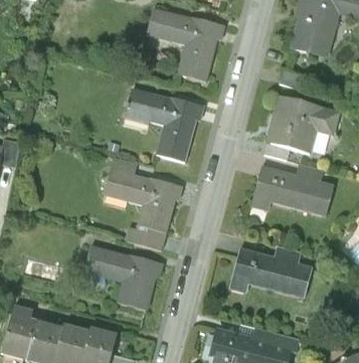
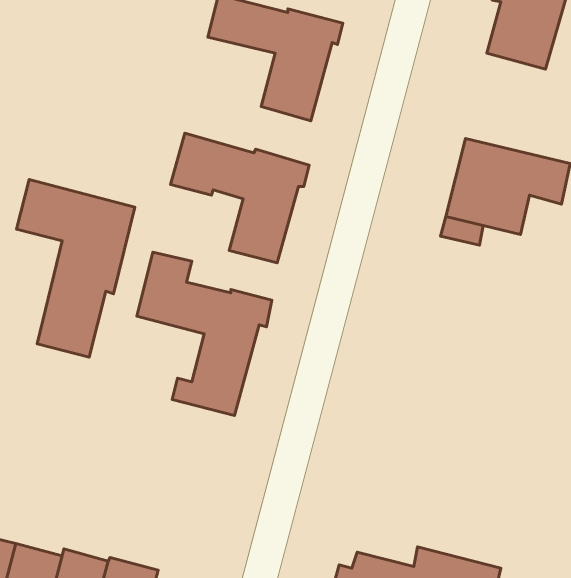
building: none -> [16,179,135,357]
building: [263,159,345,211] -> none
building: [241,241,323,296] -> none
building: [81,247,160,311] -> none

